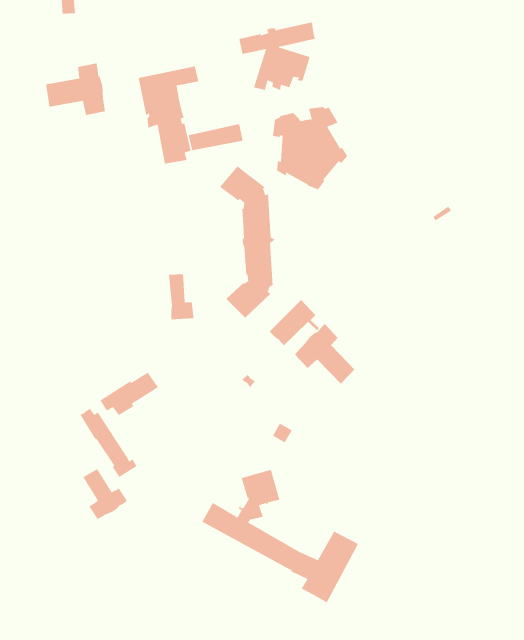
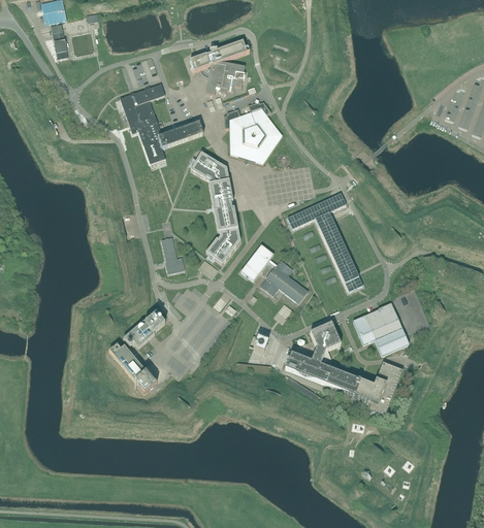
building: [45,62,105,116] -> none
building: none -> [288,192,362,291]
building: none -> [353,302,409,355]
building: [82,468,128,520] -> none
building: [201,469,359,603] -> [285,322,402,415]

